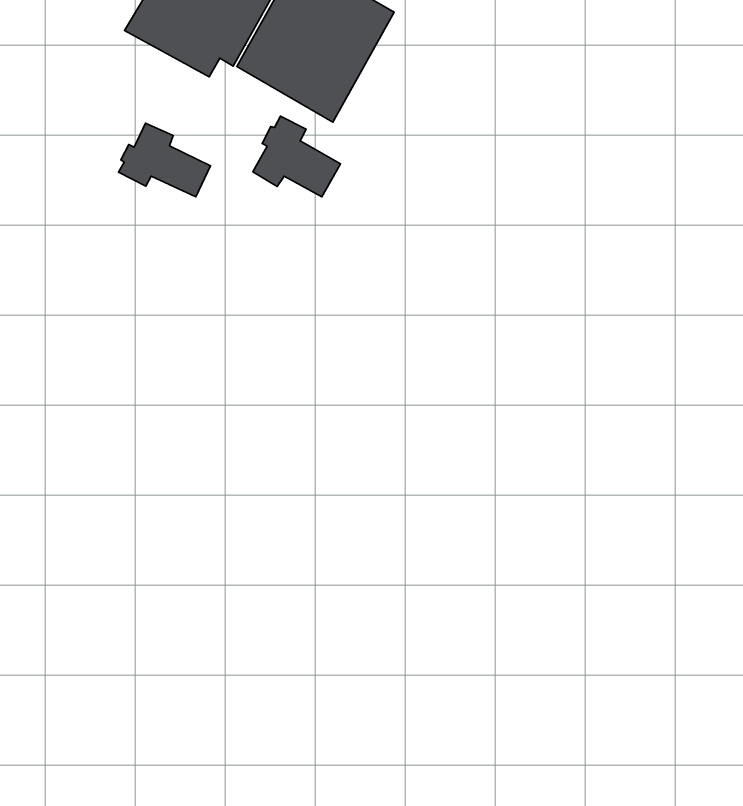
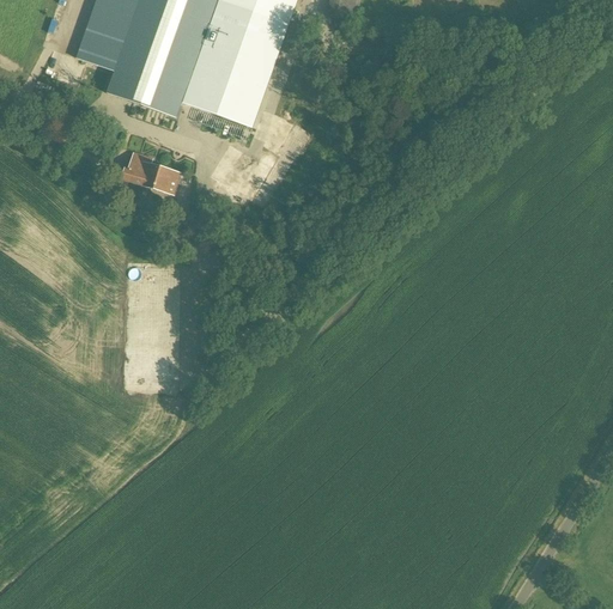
building: [253,116,340,197] -> none

